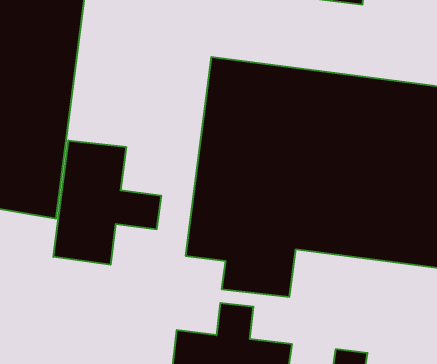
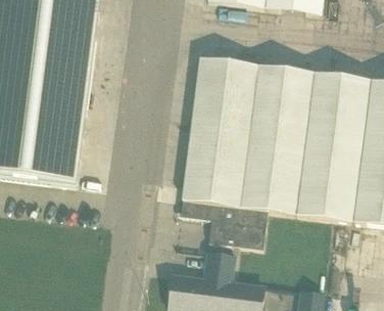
building: [53,140,161,265] -> none

